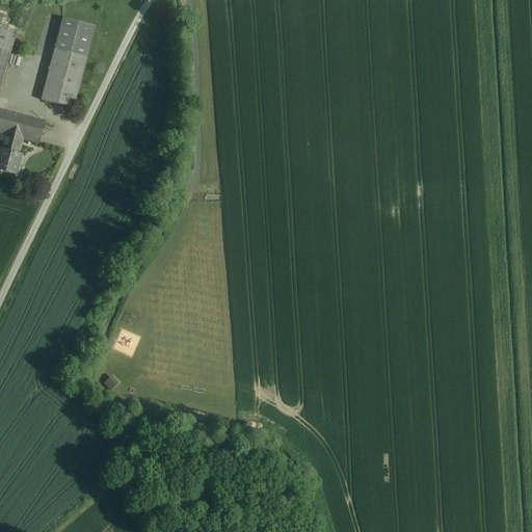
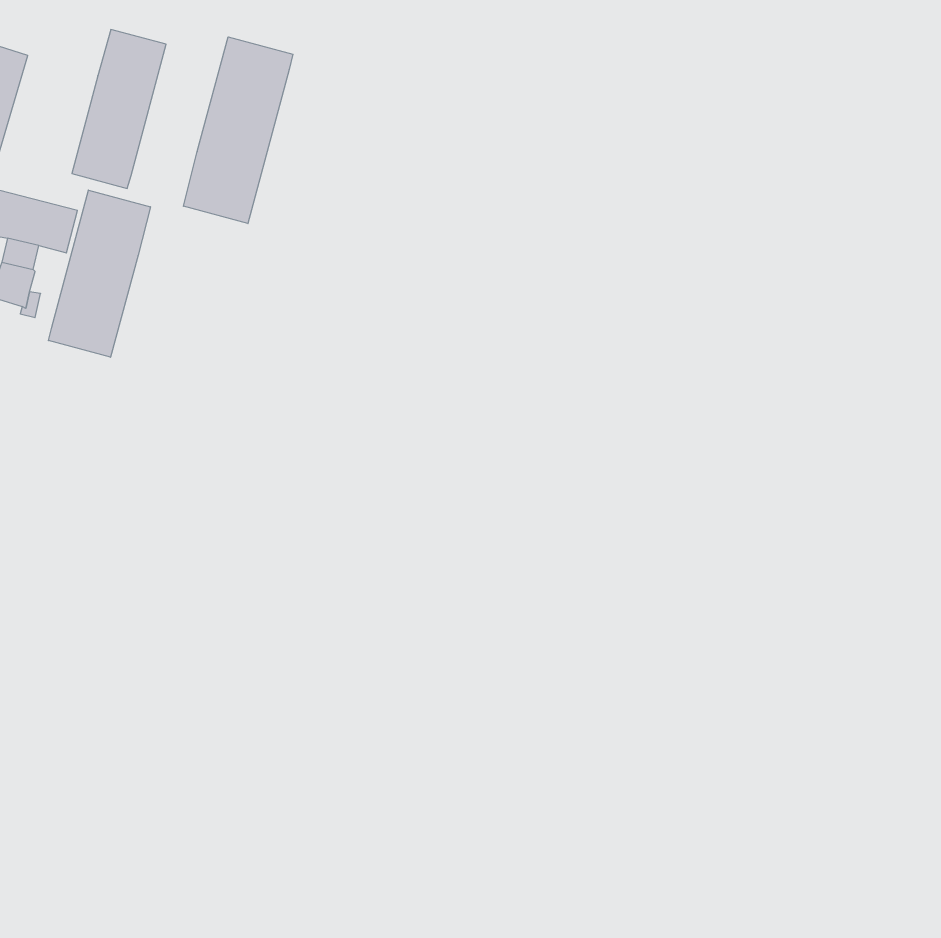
building: none -> [183,37,293,224]
building: none -> [48,190,150,357]

